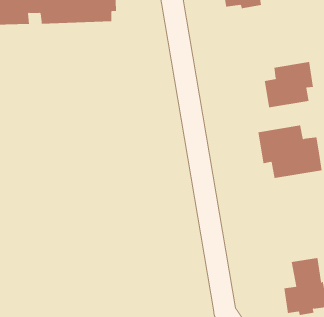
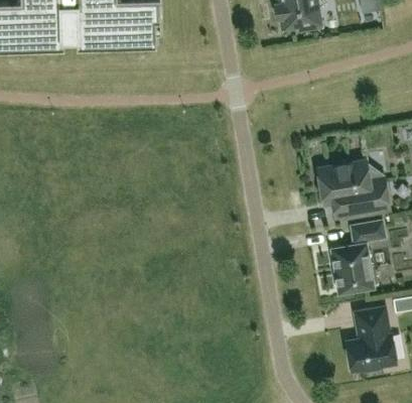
building: [264,61,314,108] -> none
building: none -> [330,220,385,293]

